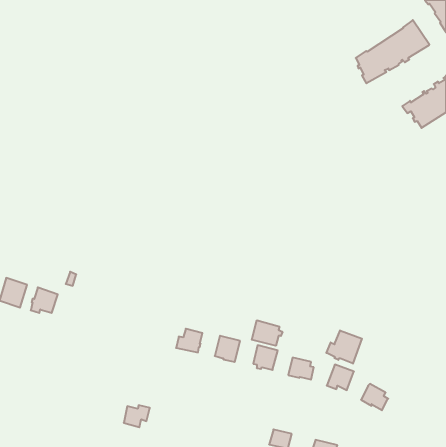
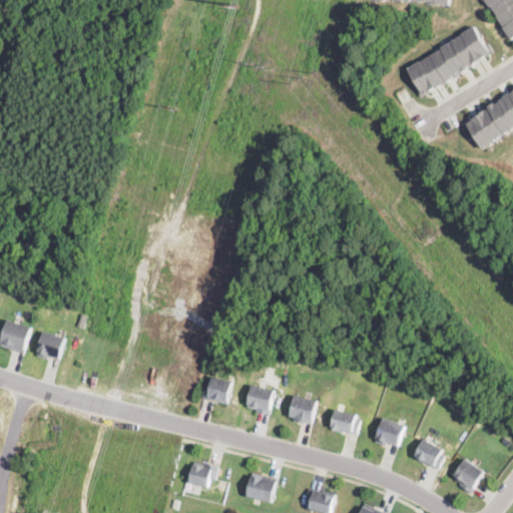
building: [252,320,282,346] -> none
building: [326,330,362,364] -> none
building: none -> [451,459,483,492]
building: [124,405,150,427] -> [188,463,218,488]
building: none -> [245,476,277,503]

